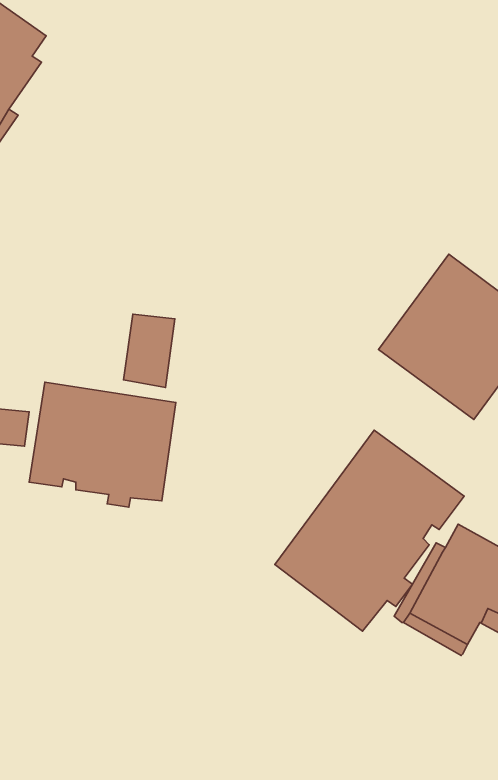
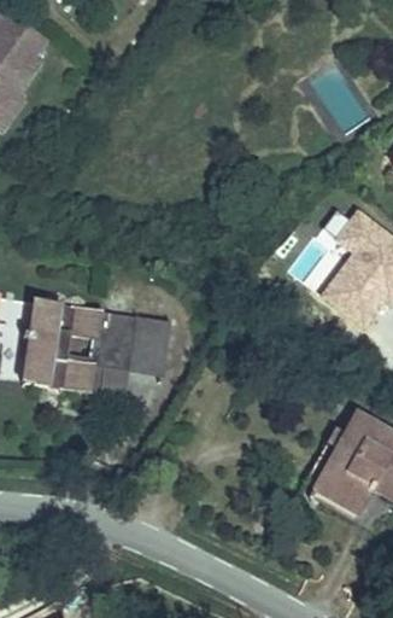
building: [123,314,175,388] -> [130,316,170,373]
building: [275,430,464,631] -> none

